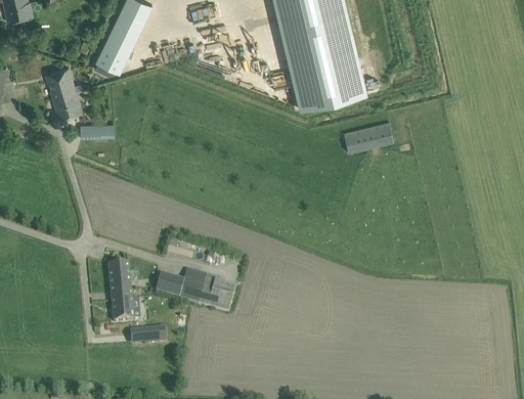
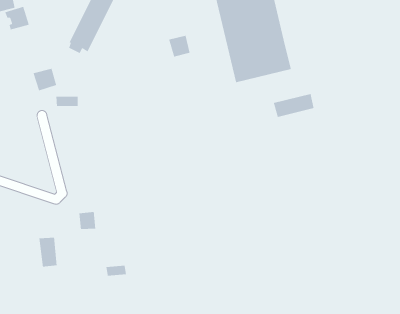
building: none -> [168,35,191,58]
building: [46,66,77,96] -> [4,6,30,30]
building: [154,268,234,312] -> none
building: [111,284,133,321] -> [39,237,57,267]

